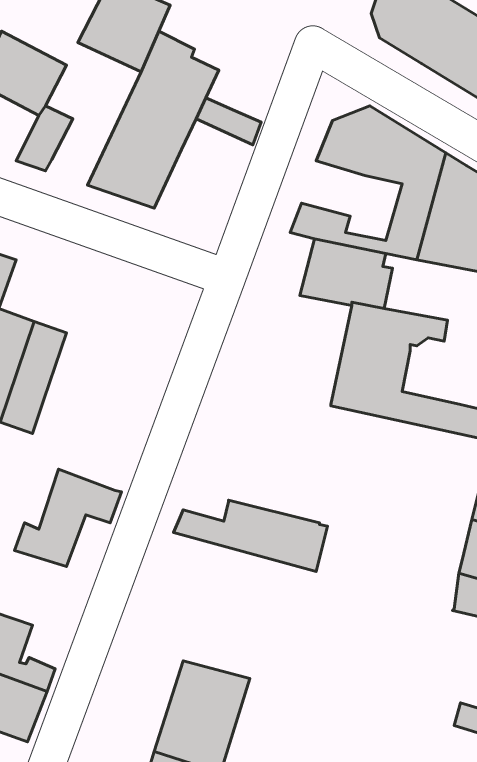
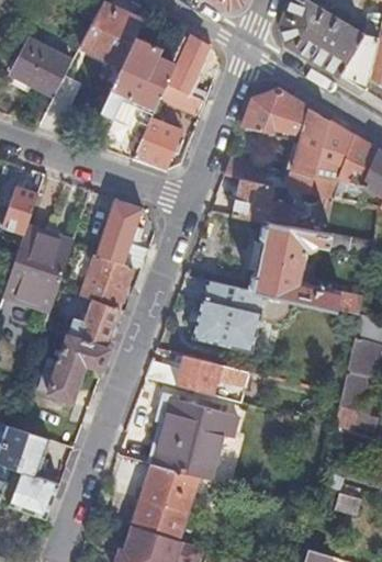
building: none -> [167,34,207,91]
building: none -> [132,117,180,169]
building: none -> [98,198,142,256]
building: none -> [67,254,133,348]
building: none -> [191,280,261,351]
building: none -> [151,397,235,481]

